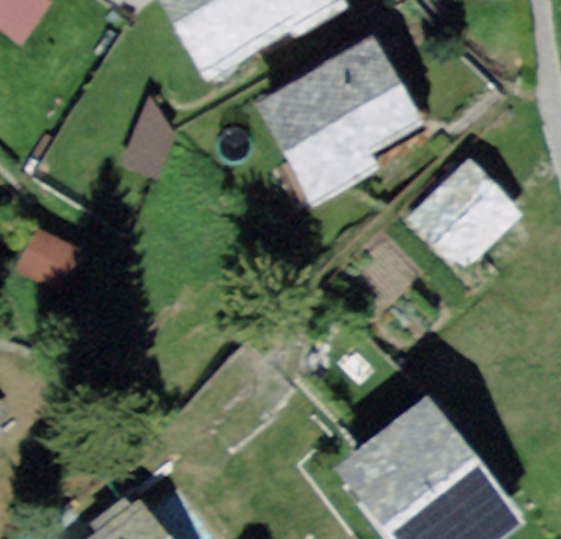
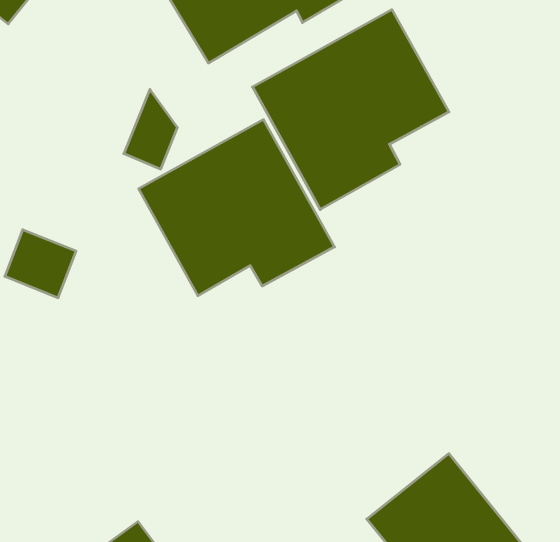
building: none -> [139,120,335,296]
building: [404,158,523,273] -> none

